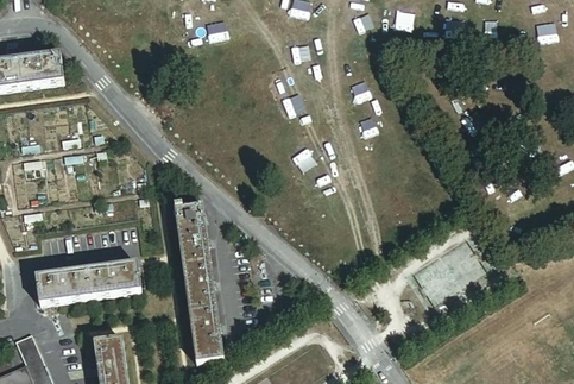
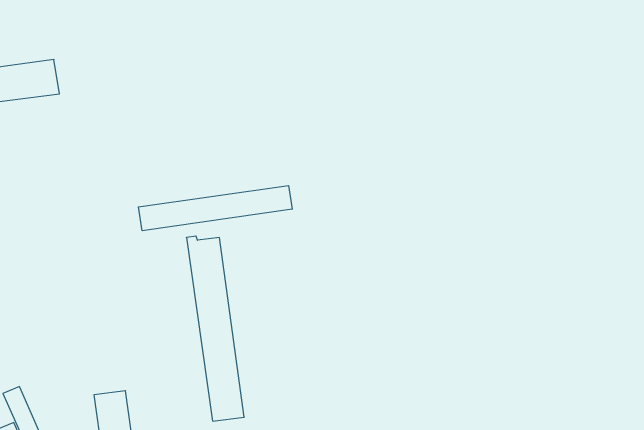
building: none -> [138,186,292,231]
building: [36,264,141,306] -> none

